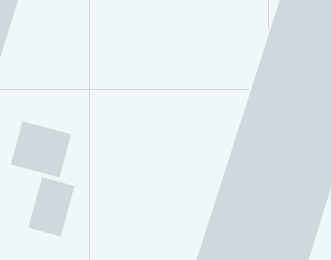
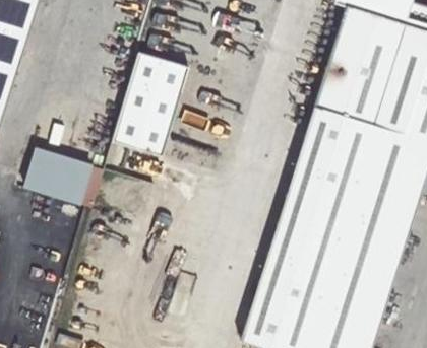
building: none -> [111,55,186,159]
building: [27,176,76,238] -> none

